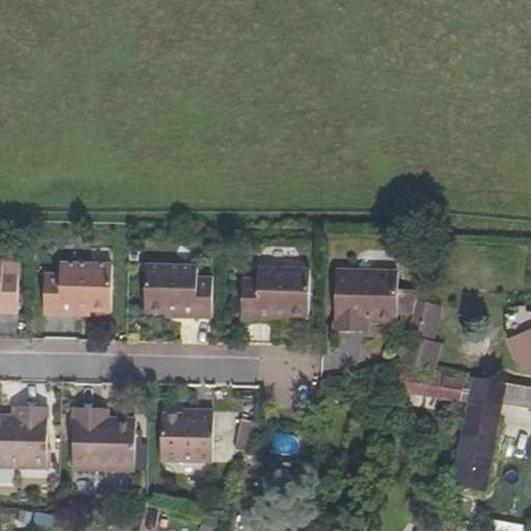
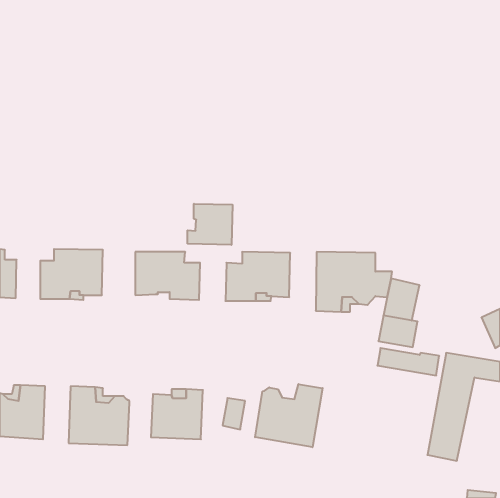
building: none -> [188,204,232,245]
building: none -> [255,384,323,447]

